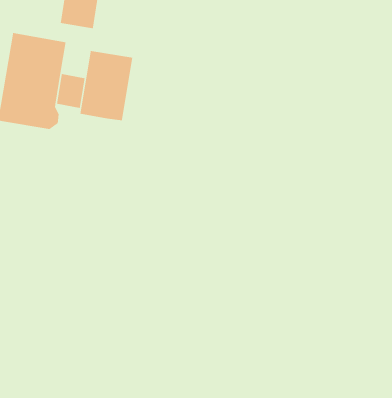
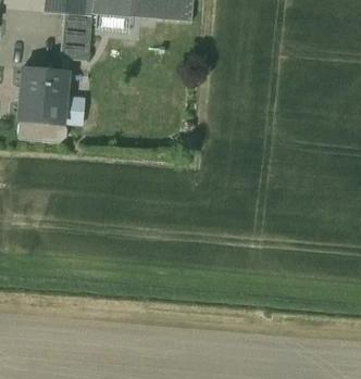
building: [79,50,133,121] -> none

